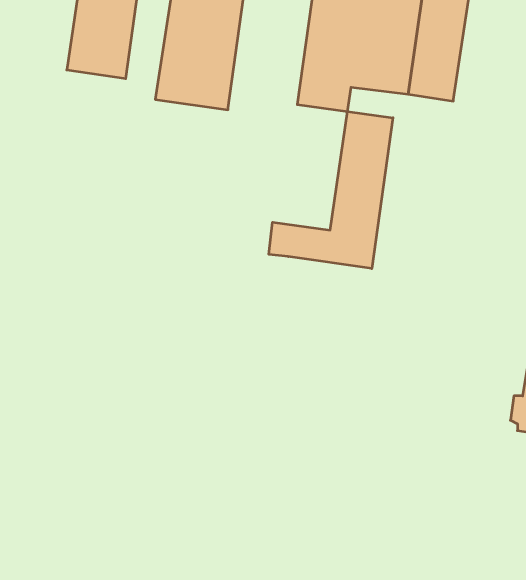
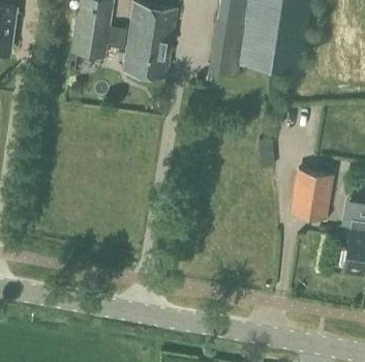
building: [269,112,393,269] -> none
building: none -> [287,170,333,221]

